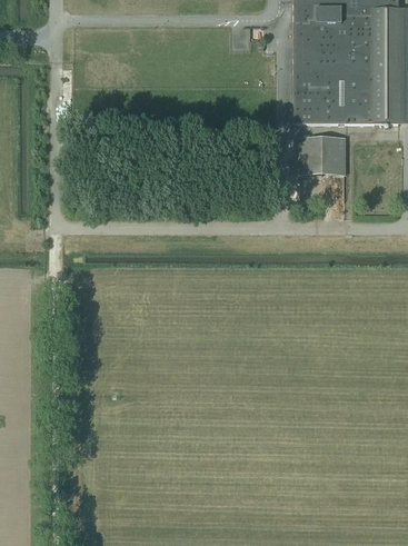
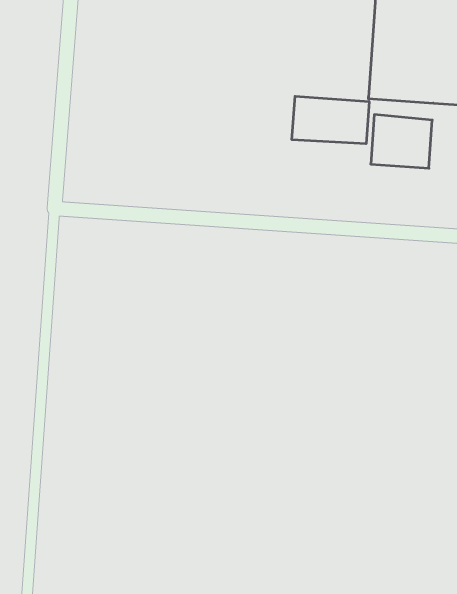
building: none -> [292,96,369,144]

